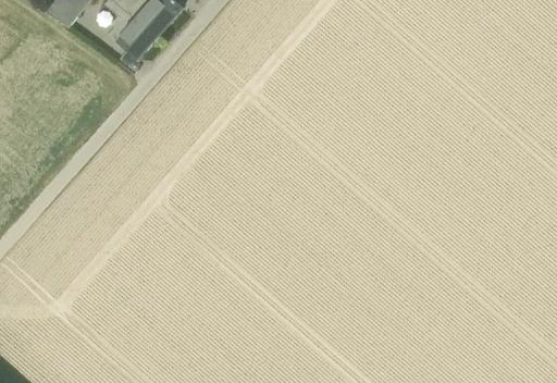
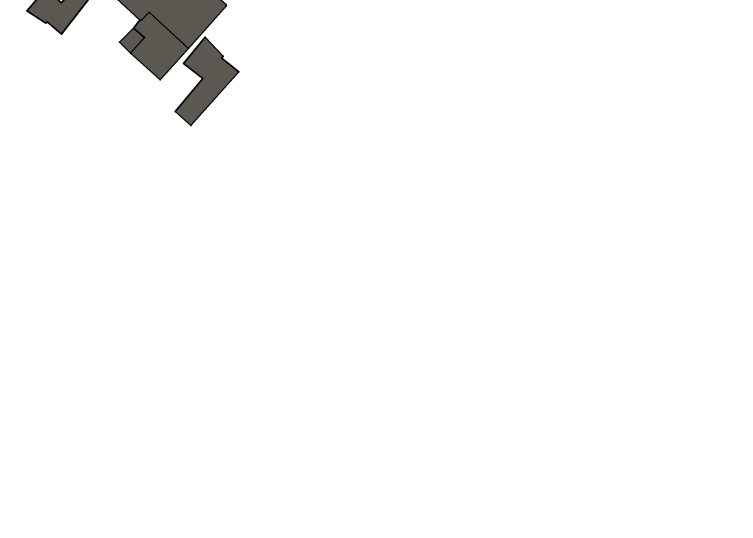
building: none -> [175,37,239,125]

